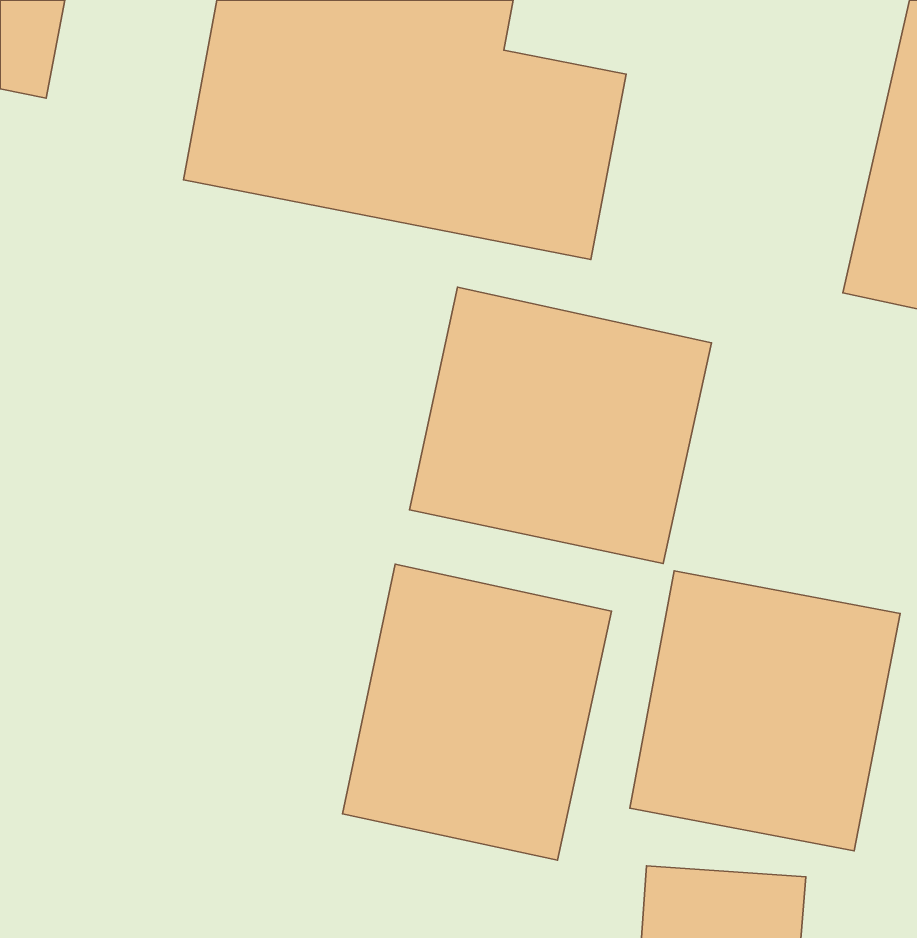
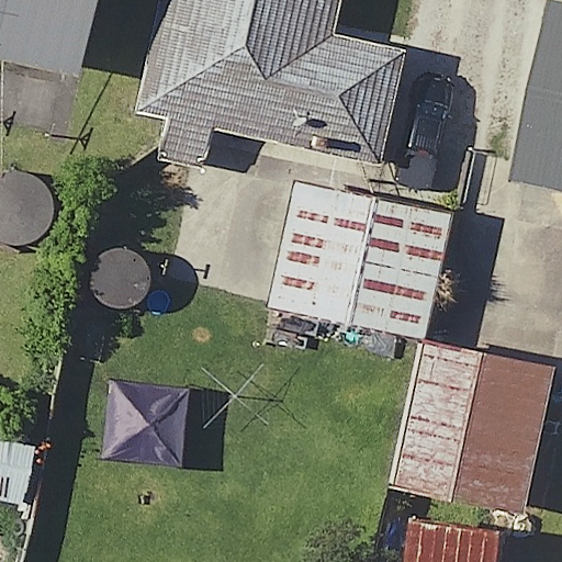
building: [343,564,612,860] -> none

